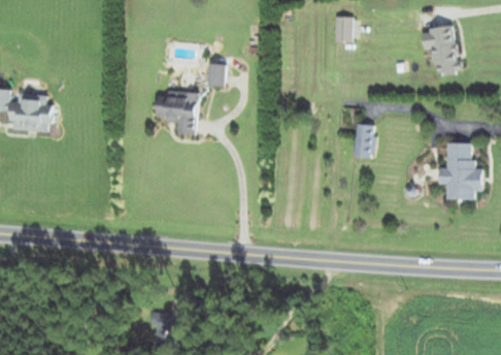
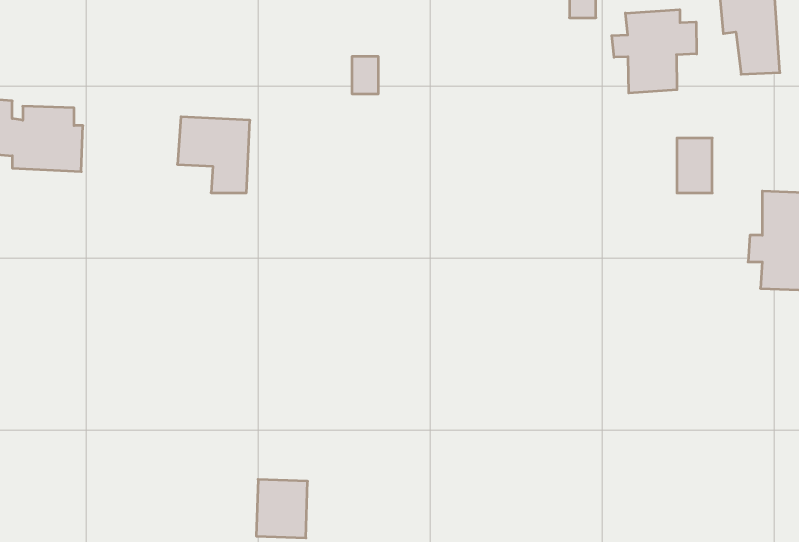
building: none -> [612,10,697,93]
building: [156,91,198,135] -> [177,117,250,193]
building: [354,125,374,157] -> [677,138,712,193]

